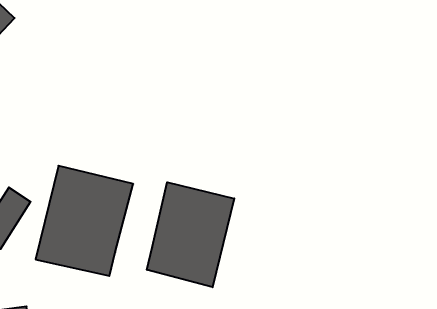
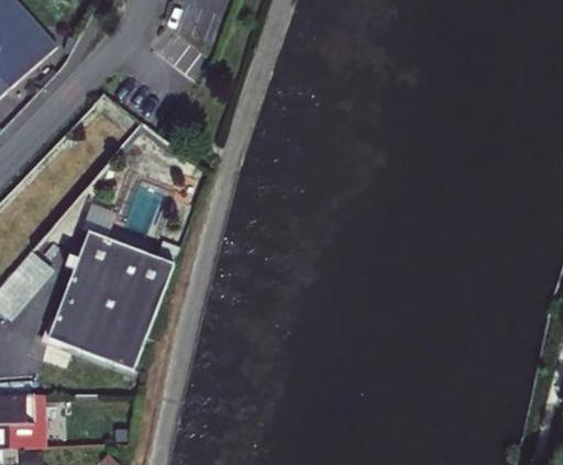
building: [147,182,234,287] -> none

